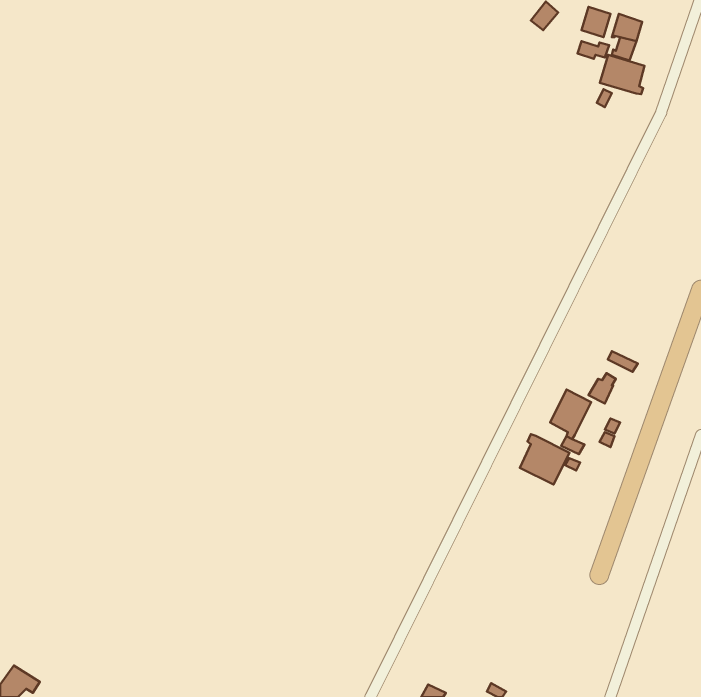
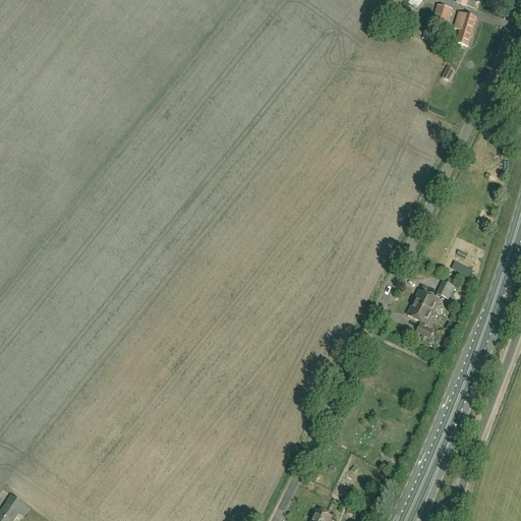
building: [600,55,644,94] -> none
building: [520,434,570,485] -> none

